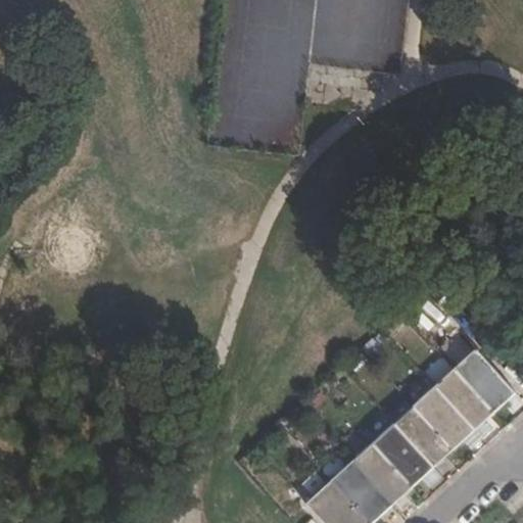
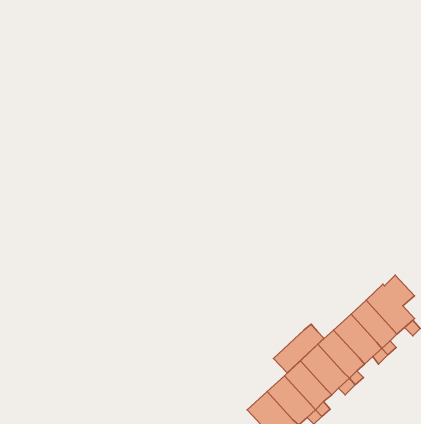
building: none -> [273,324,324,373]

